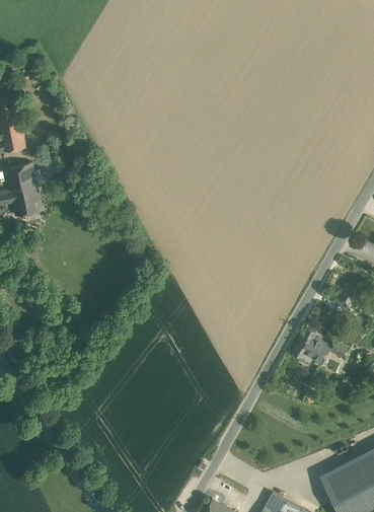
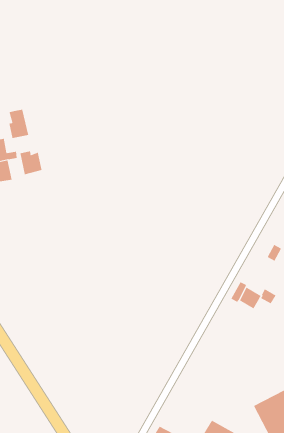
building: none -> [9,109,29,139]
building: none -> [20,151,42,175]

